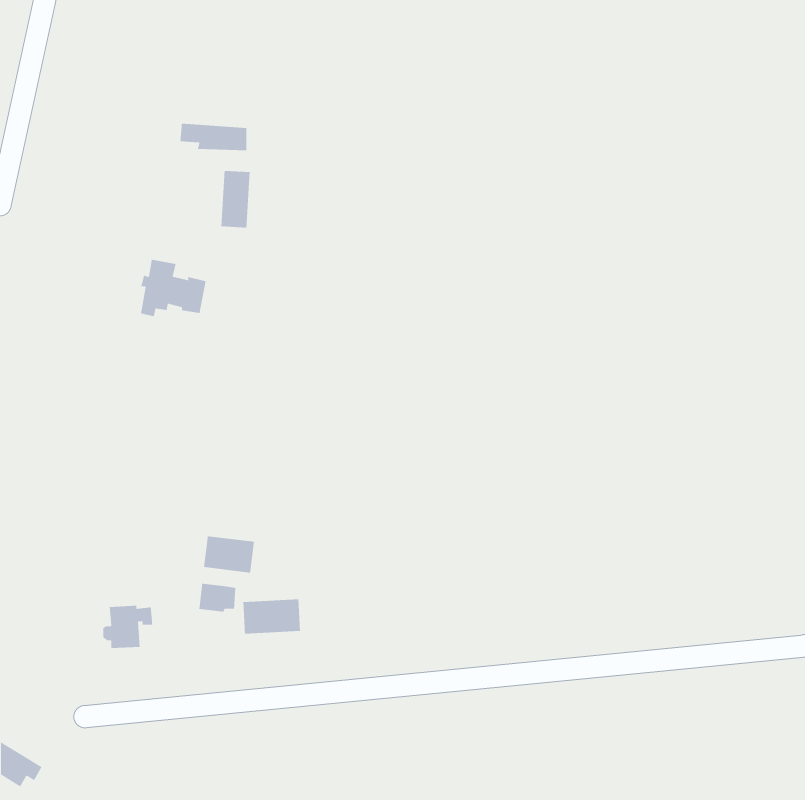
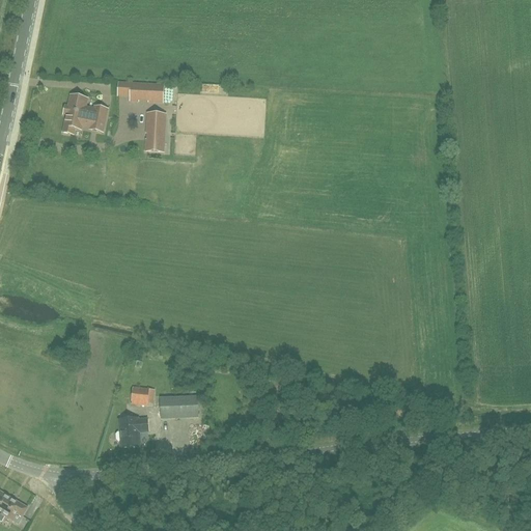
building: [140,259,206,317] -> [63,93,107,132]
building: [203,535,255,573] -> none
building: [103,605,153,649] -> [115,416,148,445]

